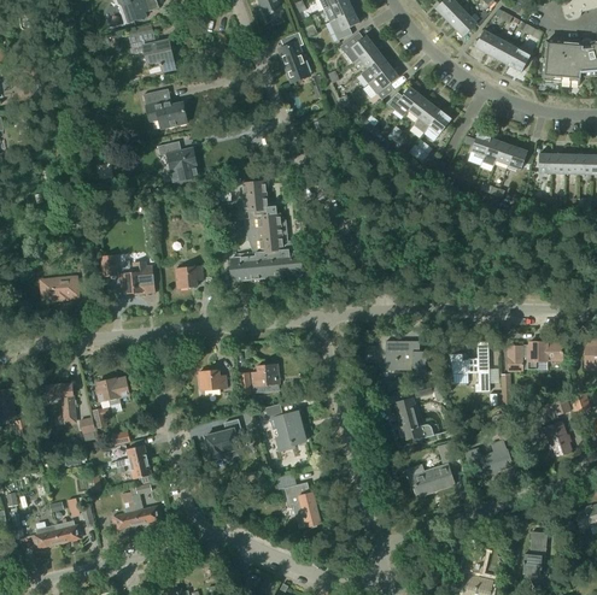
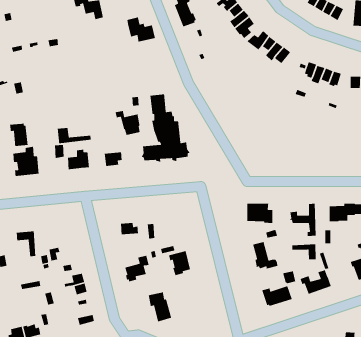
building: [144,89,187,128] -> [126,16,156,42]
building: [158,142,199,181] -> [114,110,142,136]
building: none -> [9,123,28,147]
building: none -> [57,127,91,144]
building: [252,364,279,390] -> none
building: [96,377,131,403] -> none
building: none -> [292,244,317,260]
building: [285,482,321,528] -> [148,291,172,322]
building: [112,490,139,528] -> none

